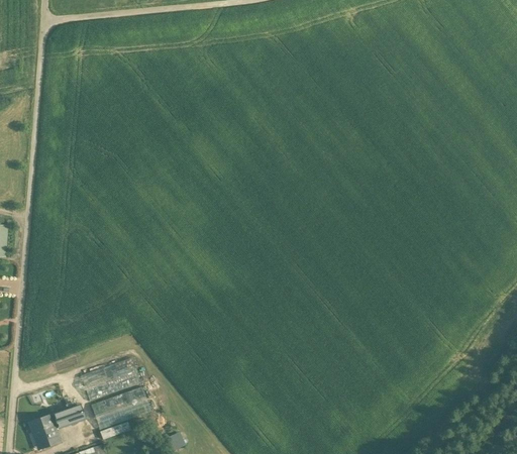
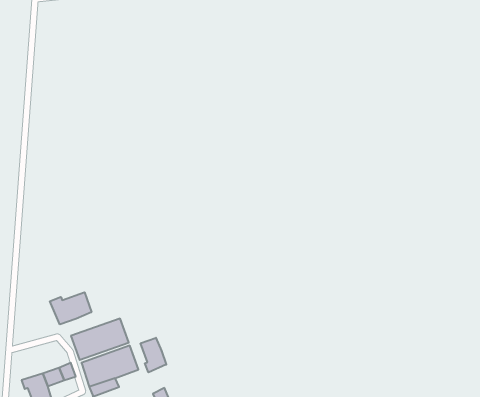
building: none -> [50,292,91,324]
building: none -> [141,338,166,372]

